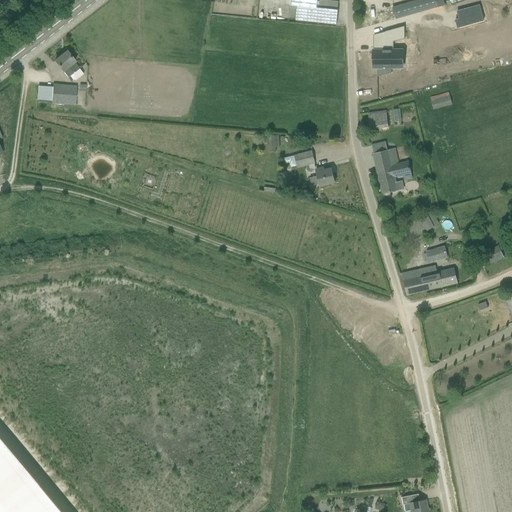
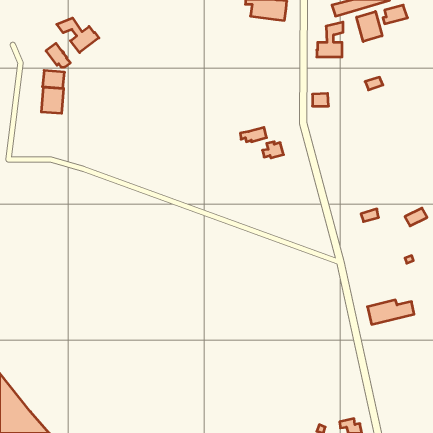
building: none -> [357,11,382,42]
building: none -> [57,18,99,53]
building: none -> [41,87,64,113]
building: [373,148,412,193] -> none
building: [401,265,456,294] -> [367,300,414,324]

